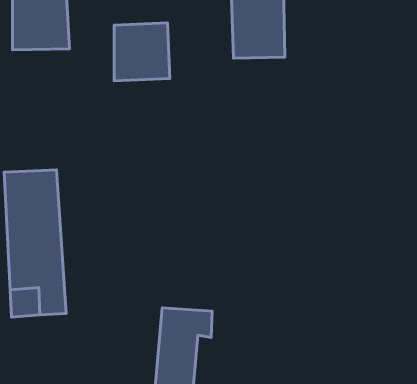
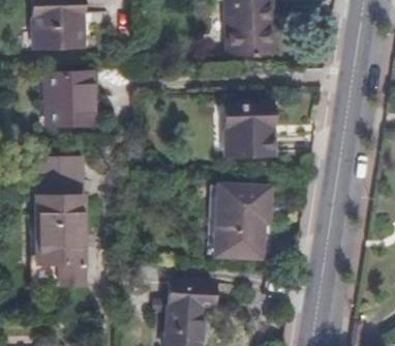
building: [114,23,170,81] -> [44,71,93,122]
building: none -> [225,98,274,148]
building: none -> [215,180,271,253]

